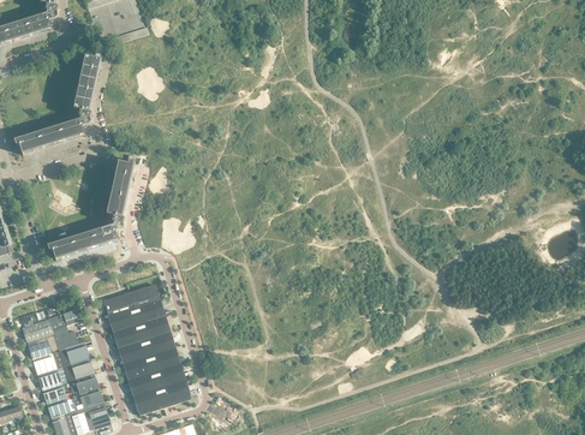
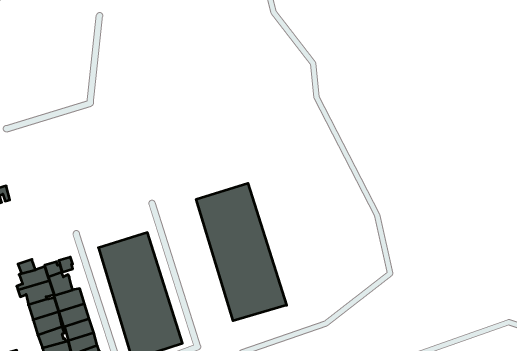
building: [13,53,100,151] -> none
building: [47,159,133,257] -> none
building: none -> [196,183,287,321]

